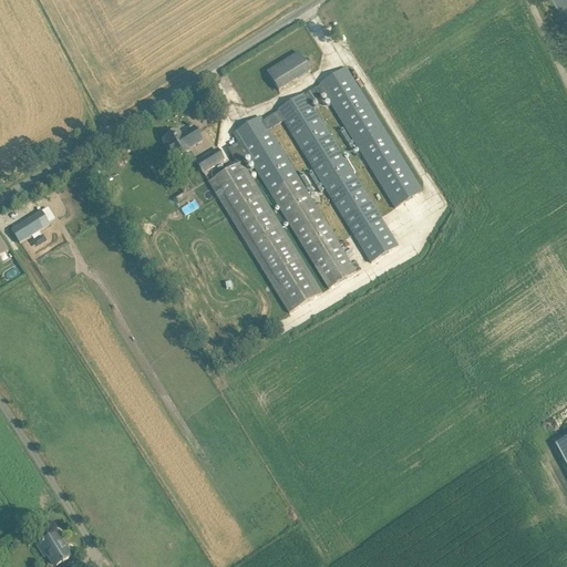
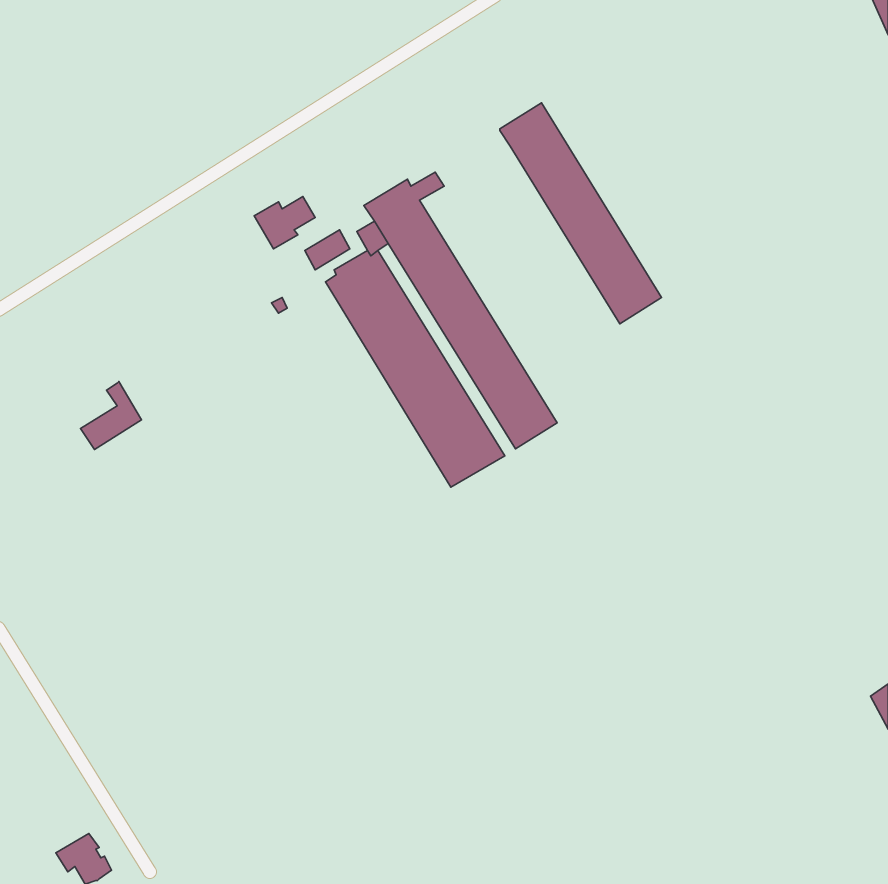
building: [266,50,310,89] -> none
building: [276,83,396,260] -> none
building: [10,198,49,241] -> [80,381,141,449]

